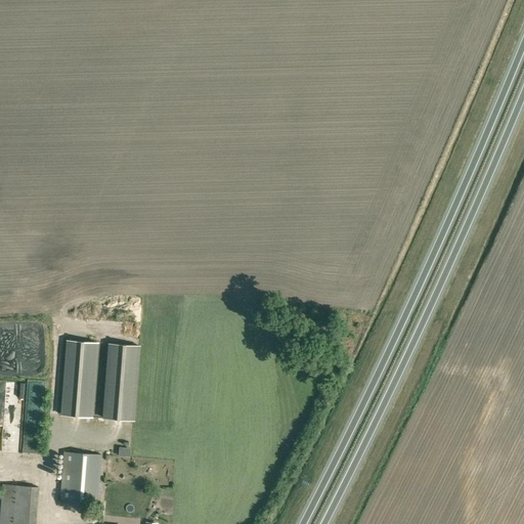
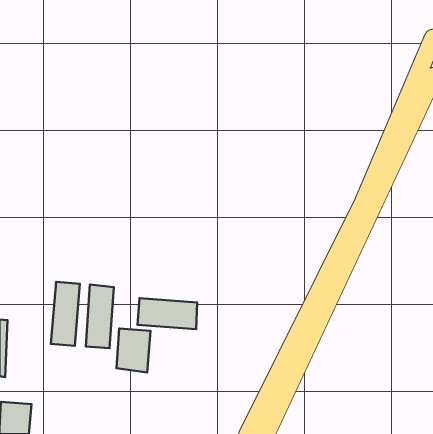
building: none -> [138,298,197,329]
building: [60,451,101,505] -> [117,328,150,373]

